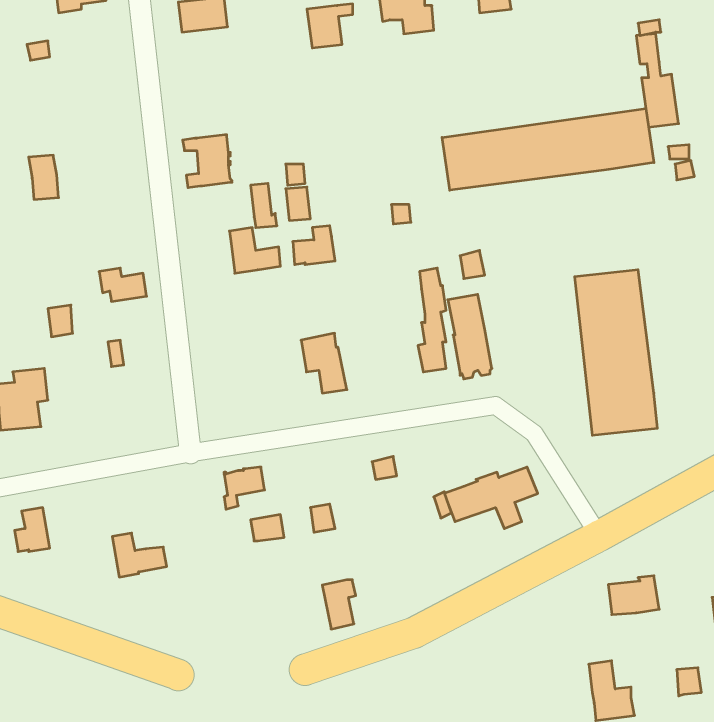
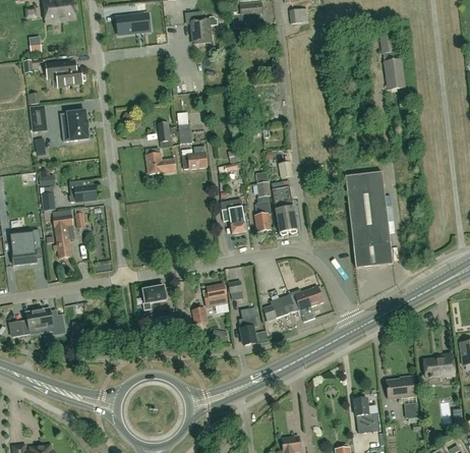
building: none -> [46,60,81,86]
building: [442,108,654,190] -> none
building: [183,135,232,188] -> [60,110,89,140]
building: [301,333,347,393] -> [220,197,246,232]
building: none -> [52,209,72,258]
building: none -> [207,282,228,312]
building: [112,533,167,577] -> [38,306,69,332]
building: [608,576,659,615] -> [387,375,416,397]
building: [322,580,356,629] -> [238,316,257,344]

